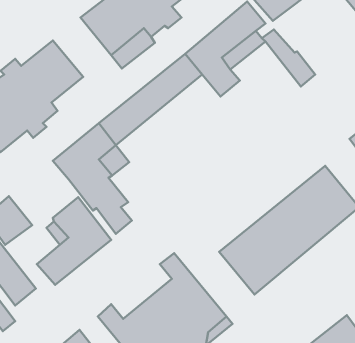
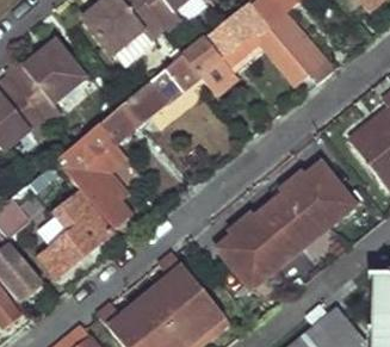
building: none -> [277,19,338,83]

